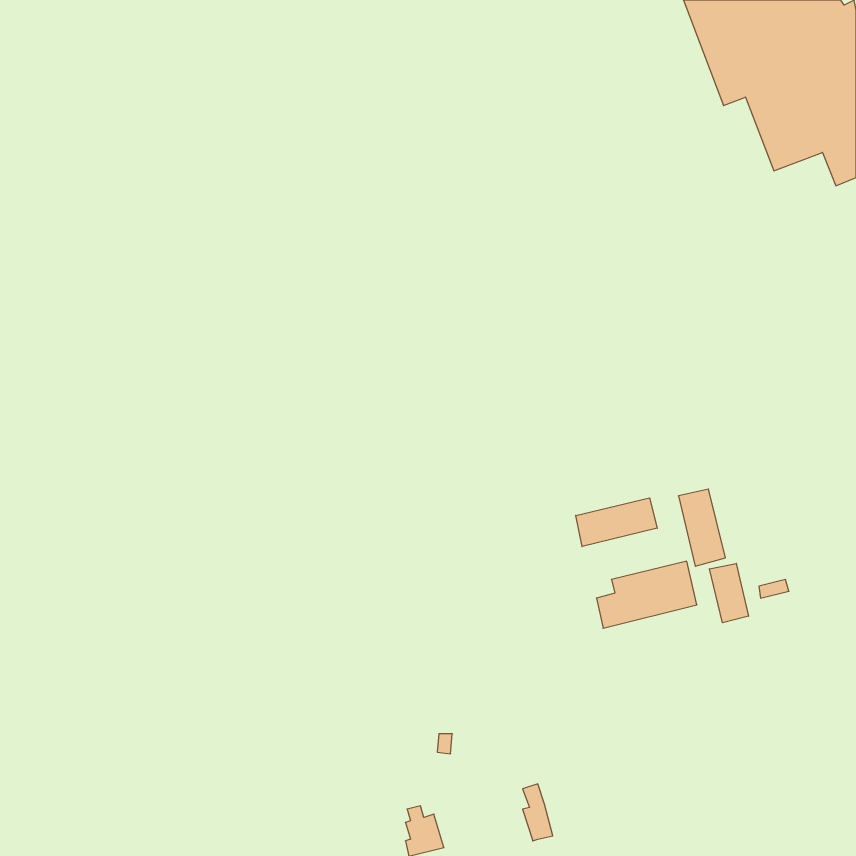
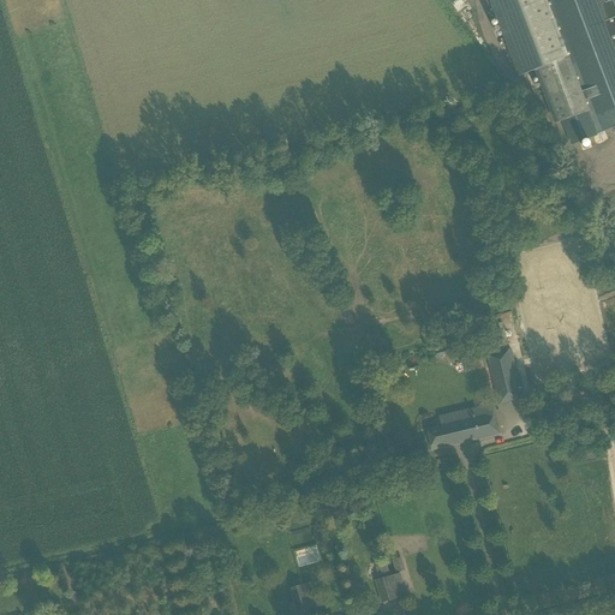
building: [576,498,657,547] -> none
building: [710,563,748,623] -> none

